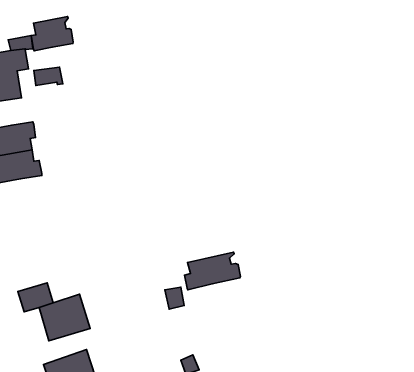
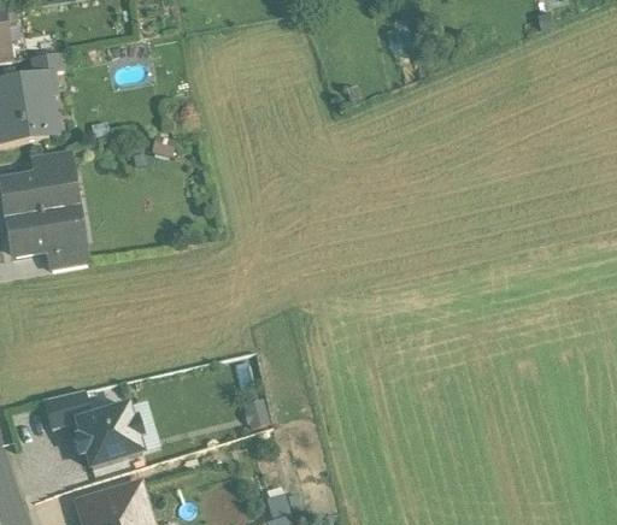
building: [31,17,73,51] -> none
building: [34,67,63,86] -> [33,149,72,175]
building: none -> [47,240,87,269]
building: [184,252,240,290] -> none

